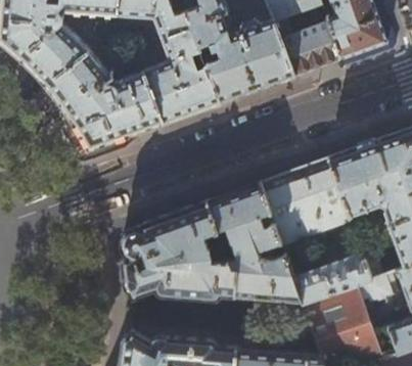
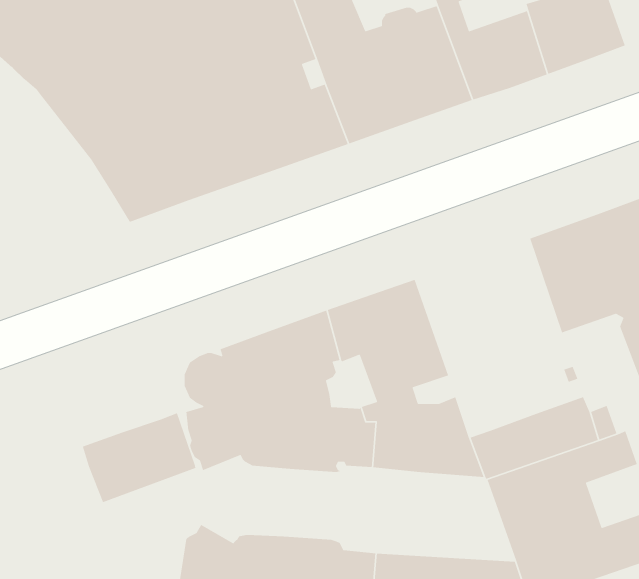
building: [260,157,350,251] -> none
building: none -> [82,412,196,503]

